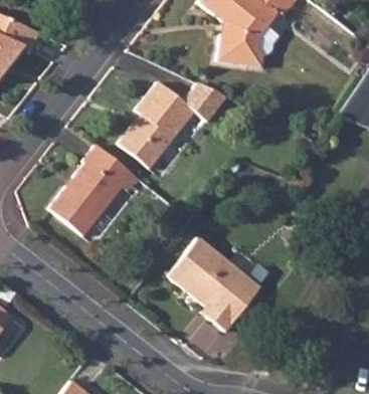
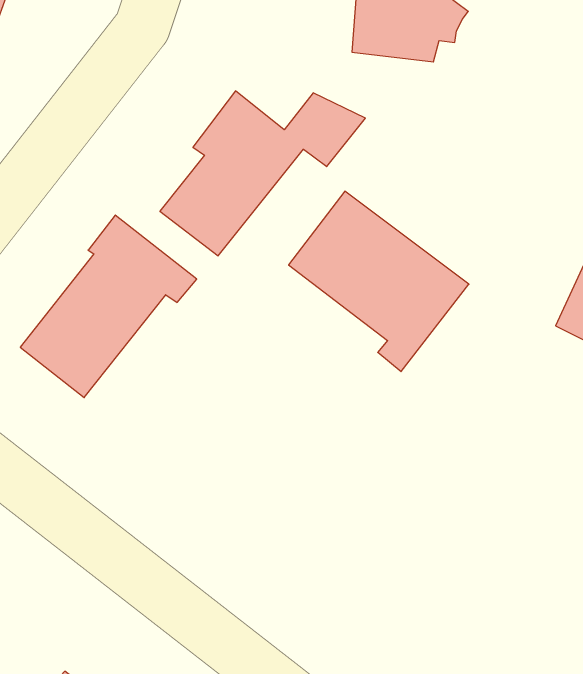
building: [166,237,259,331] -> [289,191,469,372]

